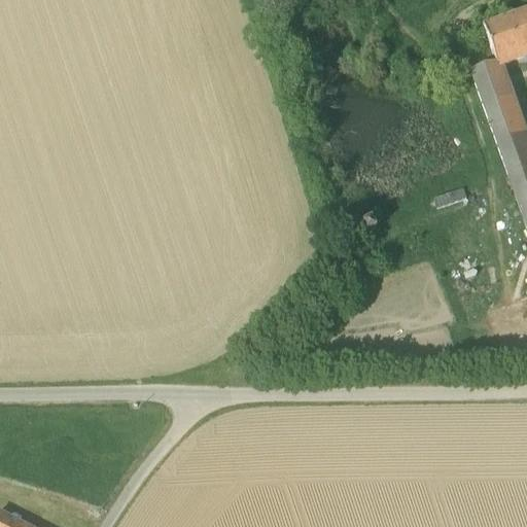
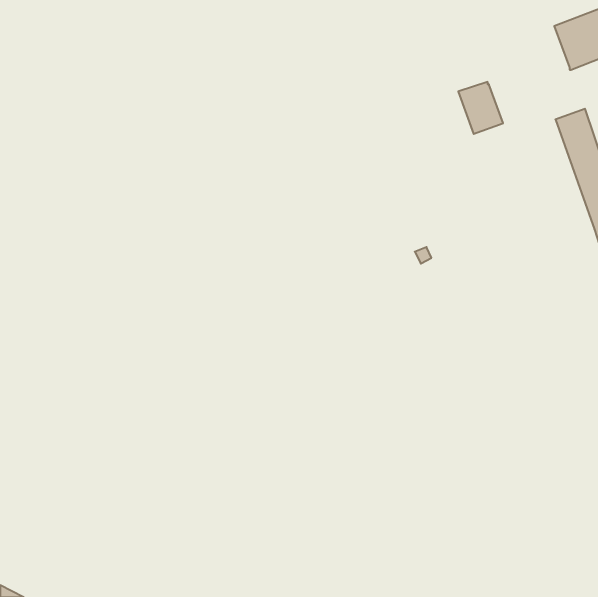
building: [476,59,515,104] -> [458,82,503,134]

